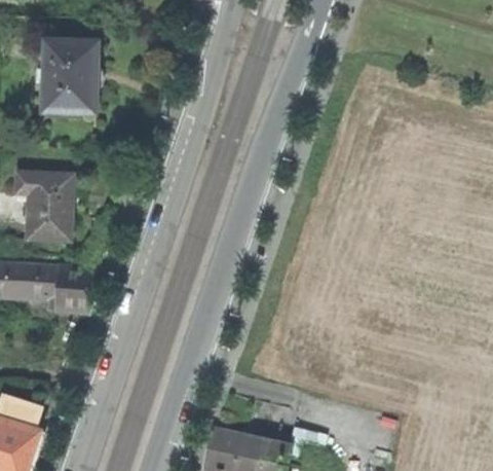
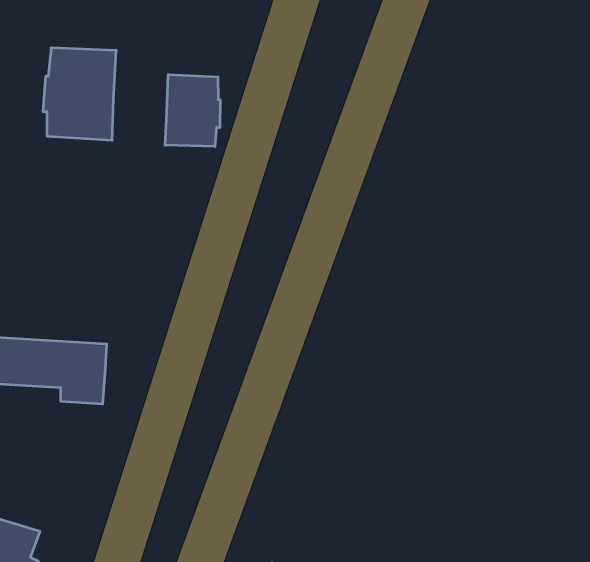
building: none -> [165,74,220,147]
building: [15,172,70,239] -> none

